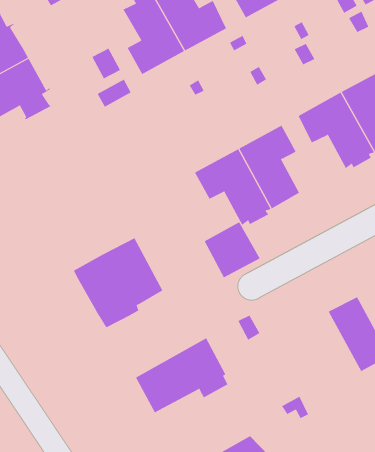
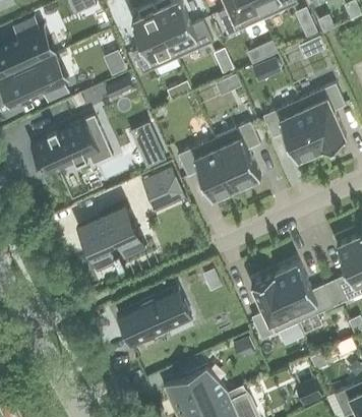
building: none -> [29,116,113,175]
building: none -> [132,123,165,167]
building: [204,222,260,278] -> [141,169,185,213]
building: none -> [250,274,297,341]

